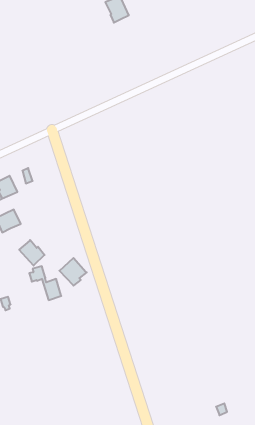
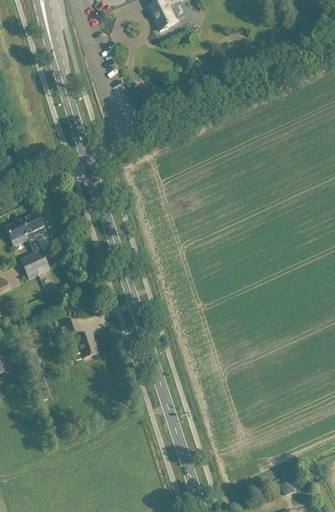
building: [19,240,45,266] -> none
building: [59,258,87,286] -> none

